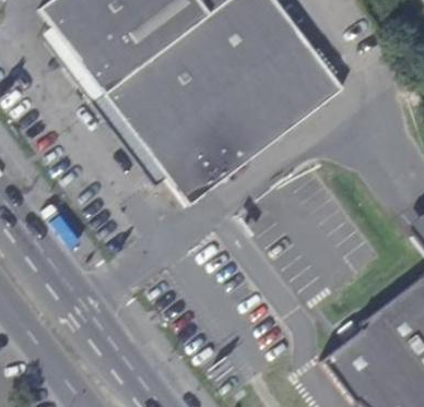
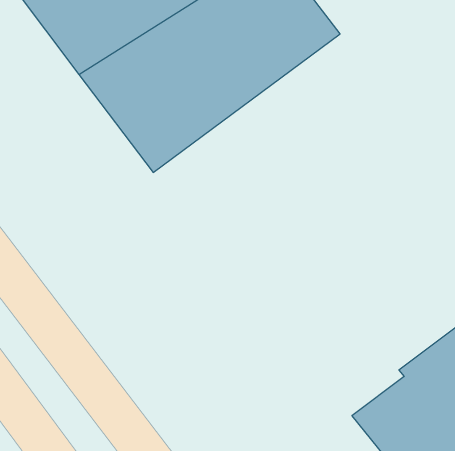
building: [155,46,343,206] -> none

